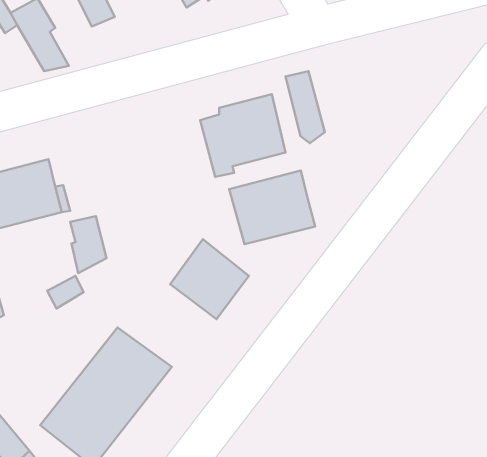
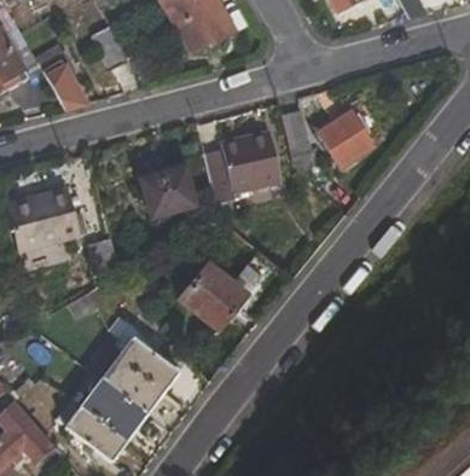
building: none -> [319,109,373,167]
building: none -> [140,166,196,217]
building: [229,171,315,244] -> none

